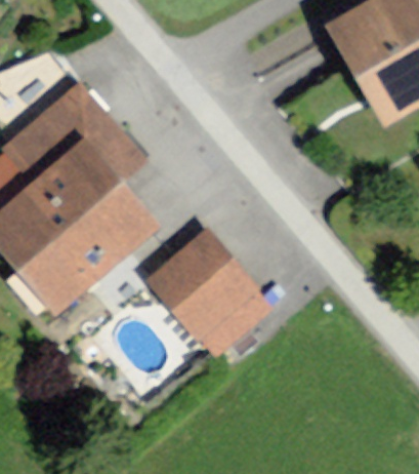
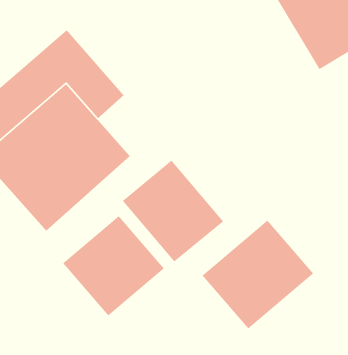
building: none -> [62,215,165,316]
building: none -> [202,219,314,329]

